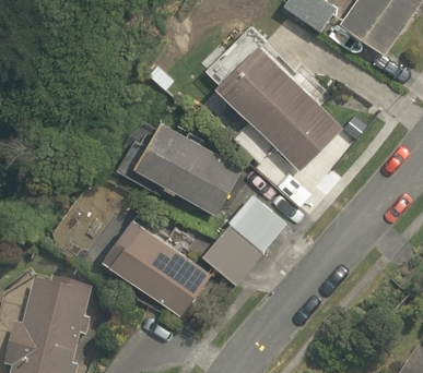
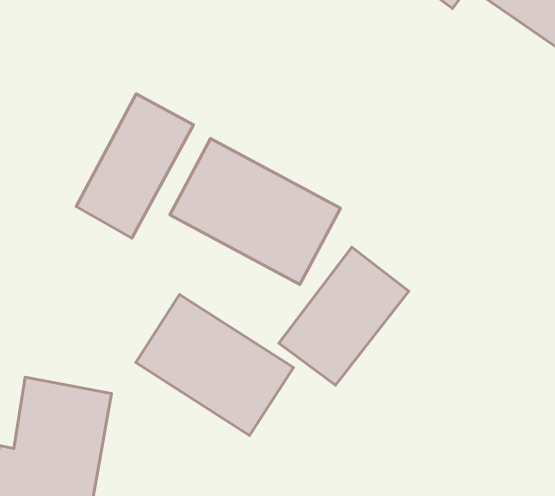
building: [215,44,340,170] -> none
building: none -> [76,94,194,238]

